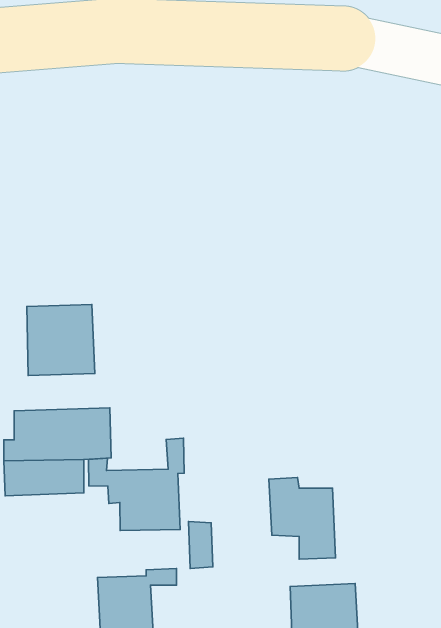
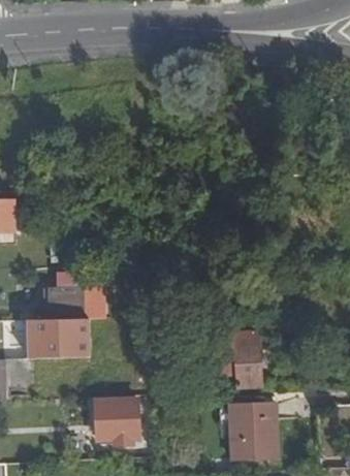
building: [27,304,95,376] -> none
building: [89,438,184,531] -> none

